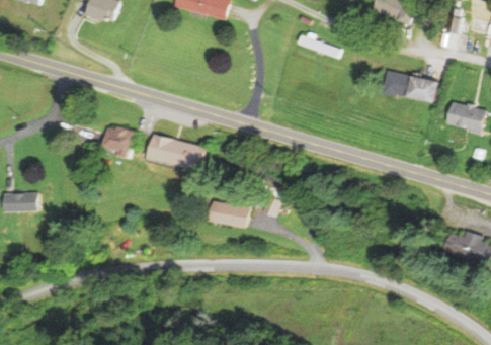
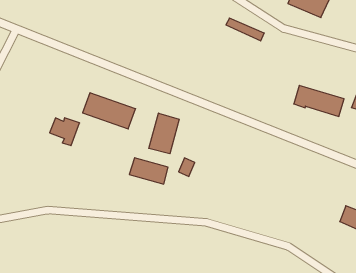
building: [382,71,437,101] -> [294,85,344,116]
building: [101,127,134,158] -> [50,118,80,146]
building: none -> [149,113,179,154]

